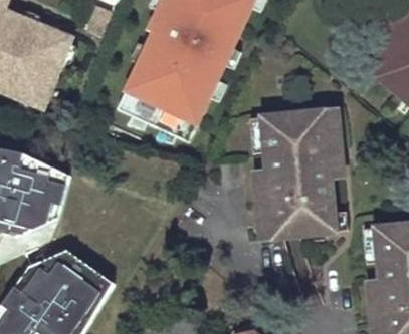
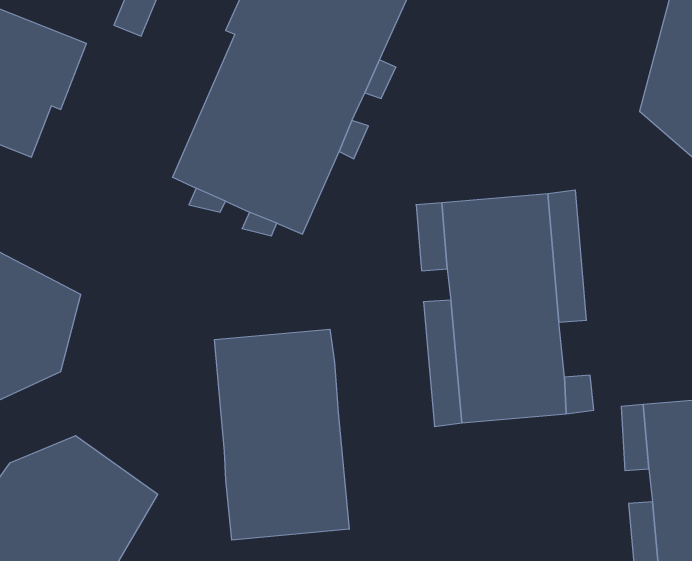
building: none -> [214,329,349,540]

